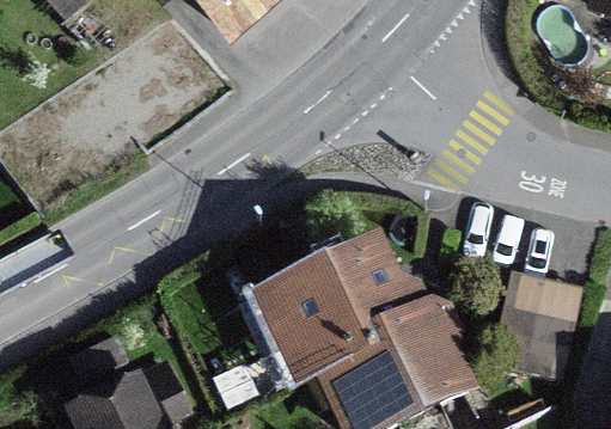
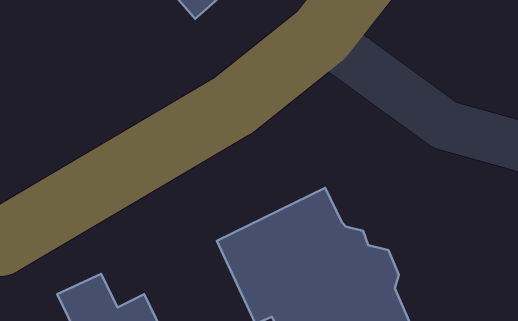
building: [491,274,586,382] -> none

